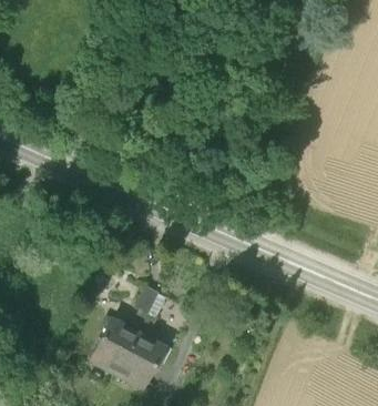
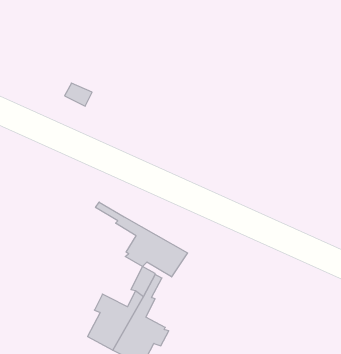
building: none -> [96,202,188,277]

